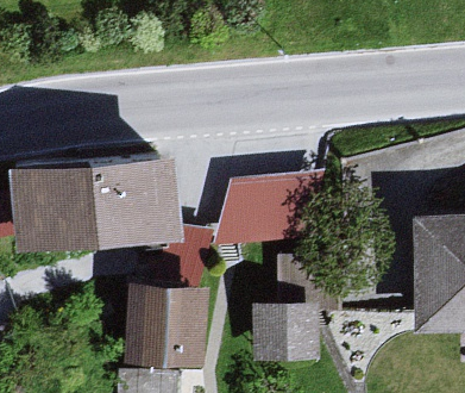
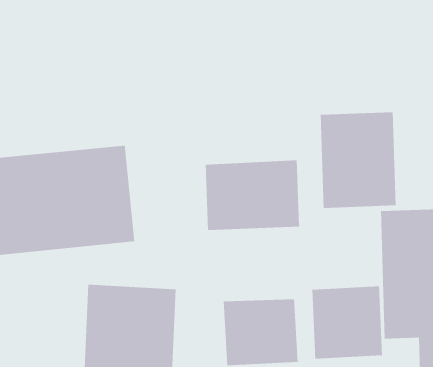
building: none -> [320,111,396,209]
building: none -> [312,286,382,359]

